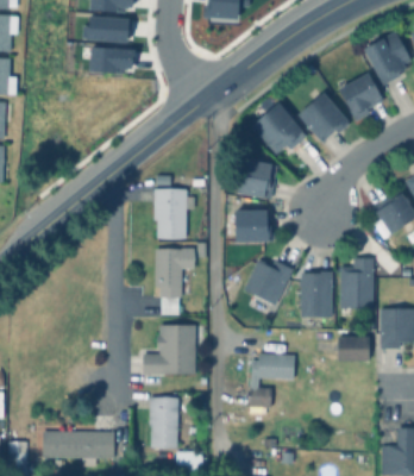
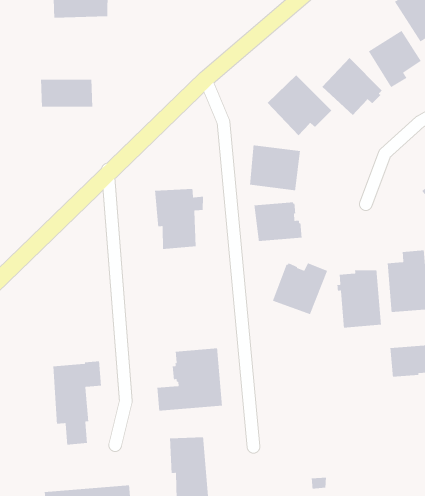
building: [88,46,132,74] -> [40,79,93,108]
building: [153,246,194,314] -> [53,360,102,445]
building: [249,353,294,406] -> none

